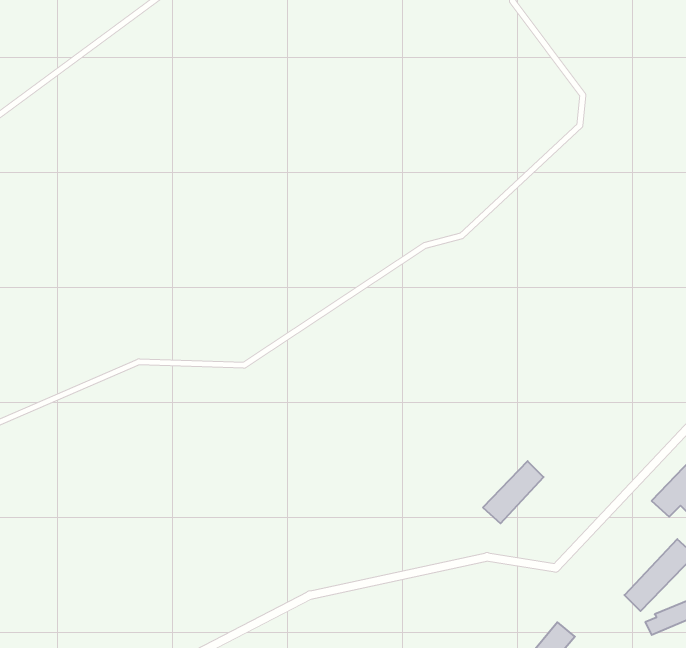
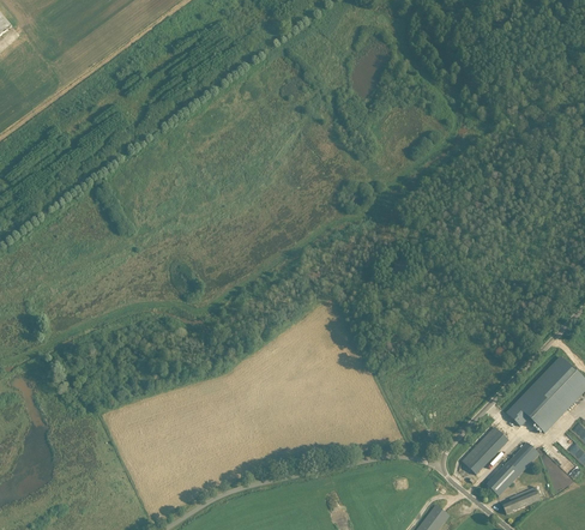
building: [483,461,544,523] -> [460,427,506,474]

